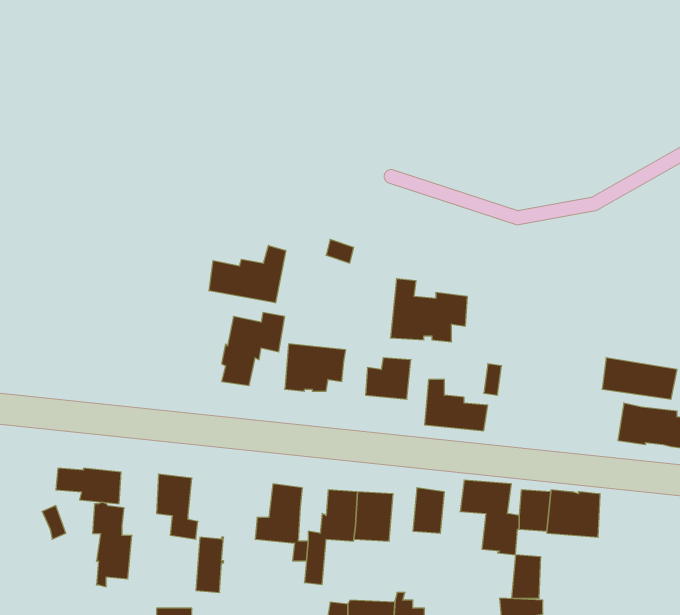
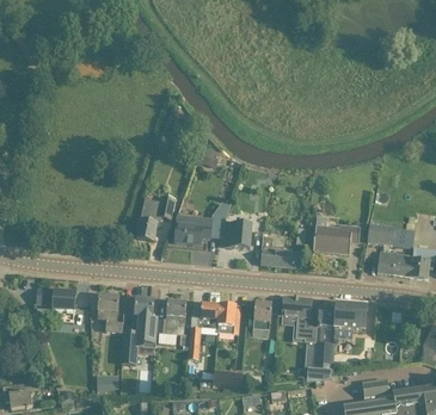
building: [209,245,286,303] -> none
building: [390,279,467,342] -> [313,216,360,254]
building: [93,502,132,587] -> [135,296,159,347]

